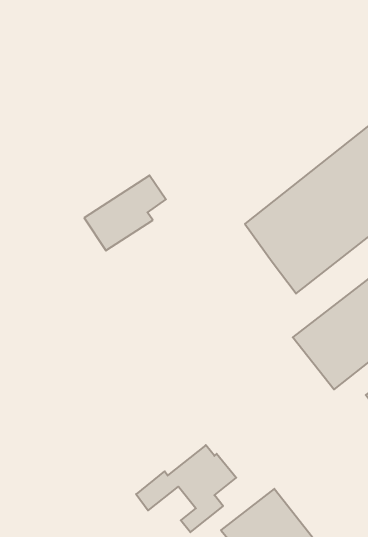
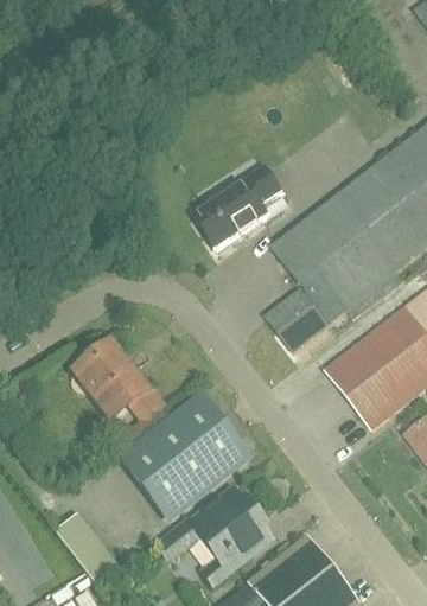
building: [84,175,166,251] -> [195,165,283,247]
building: none -> [268,287,330,350]
building: none -> [79,347,242,512]

